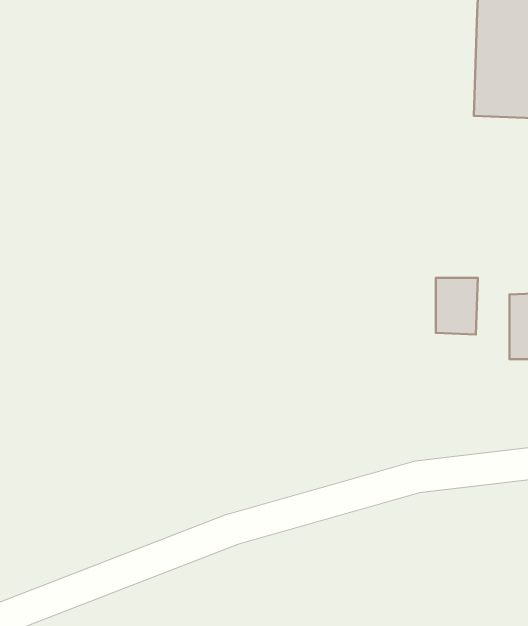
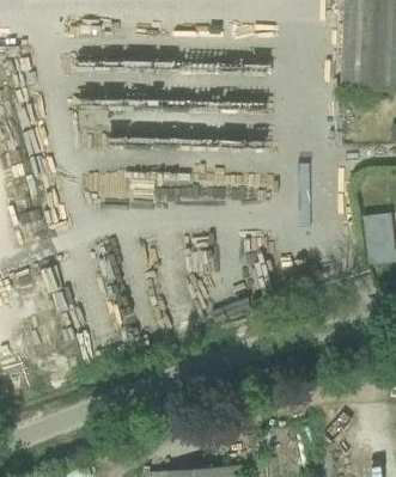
building: [436,278,478,334] -> none

